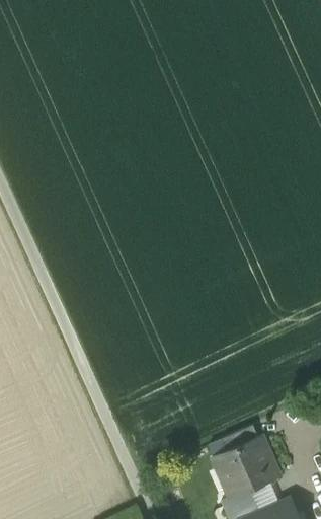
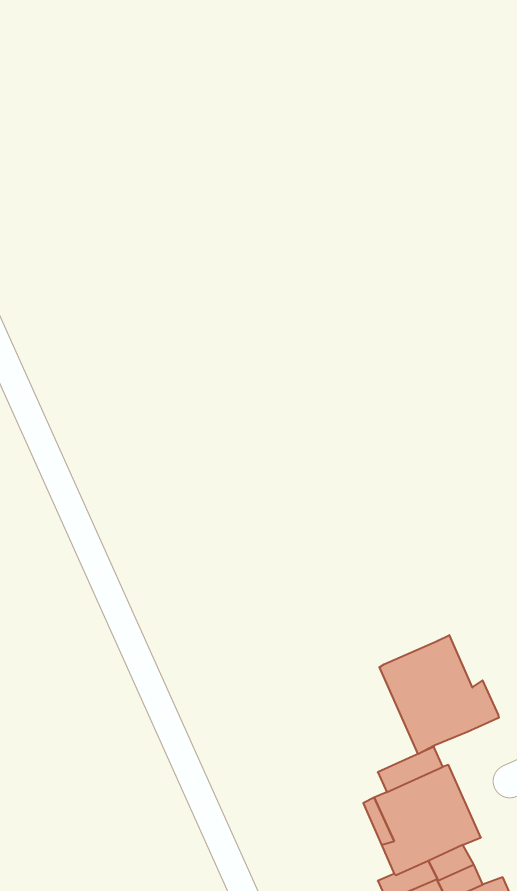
building: none -> [379,635,499,754]

